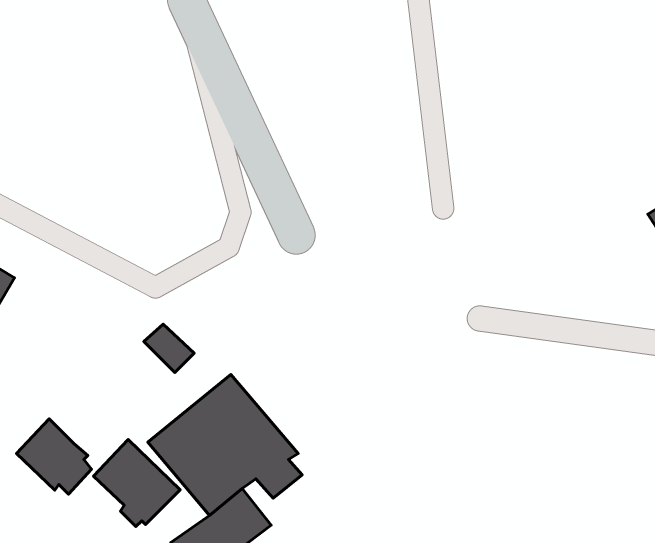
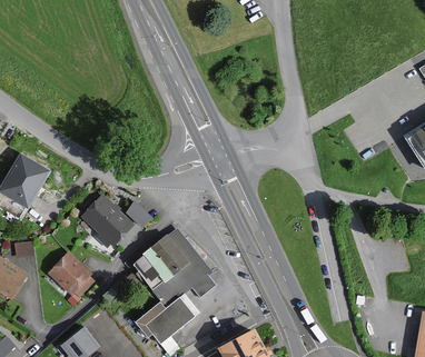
building: [93,440,180,526] -> [82,196,132,246]

